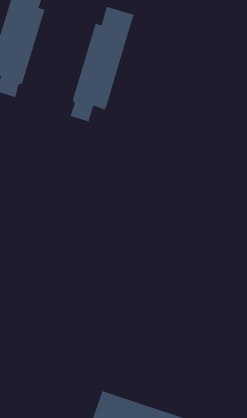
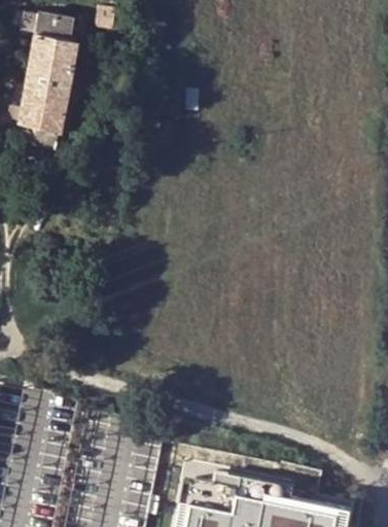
building: [69,6,135,122] -> none

